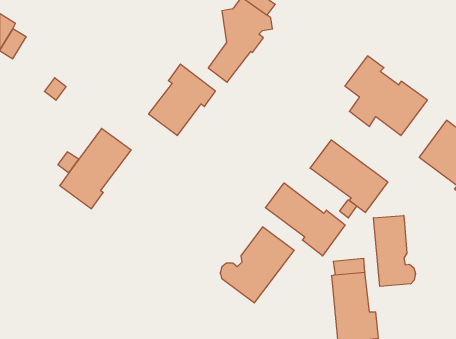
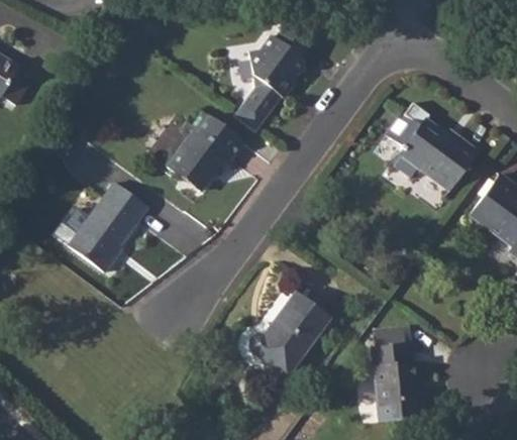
building: [310,140,388,213] -> none
building: [265,183,345,256] -> none
building: [374,215,415,286] -> none

